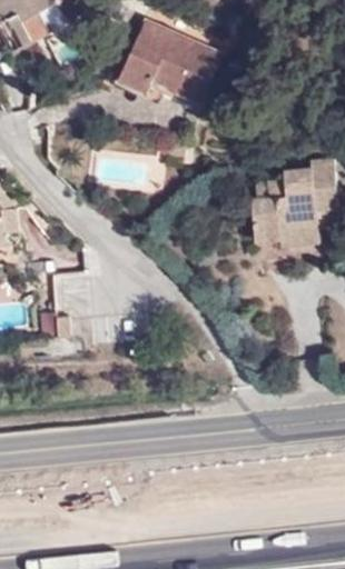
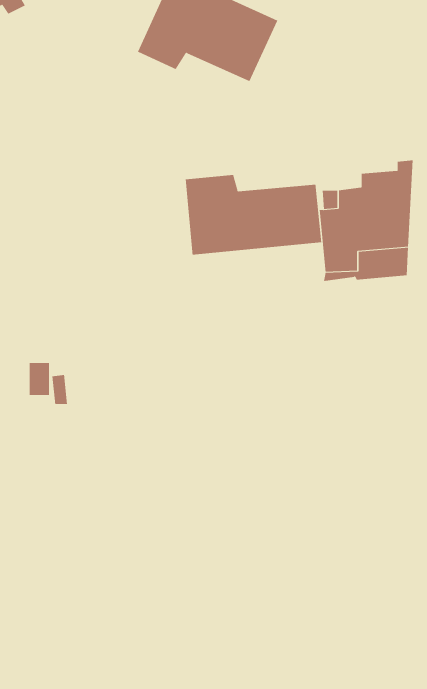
building: none -> [185,174,322,255]

